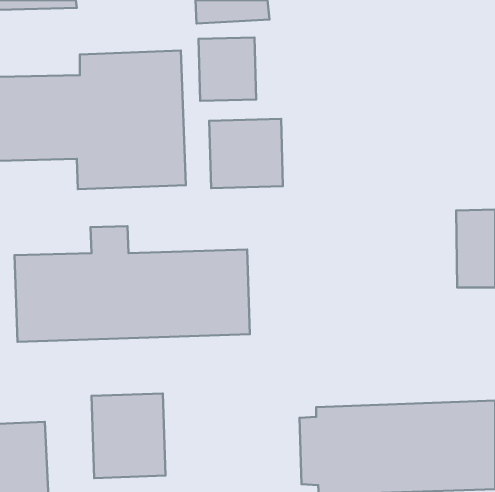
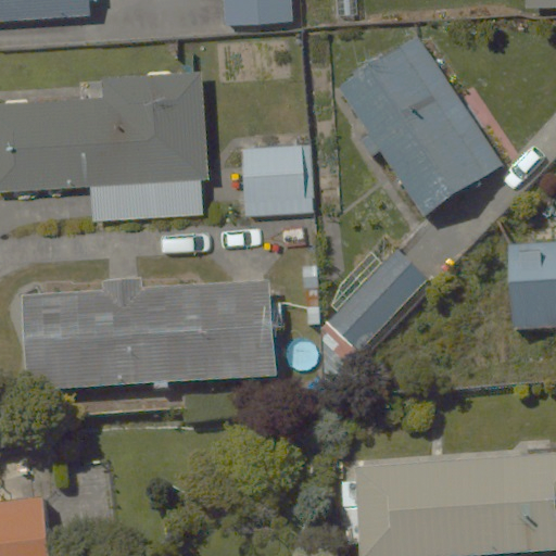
building: none -> [338,38,504,217]
building: [199,37,256,101] -> none
building: [91,393,165,478] -> none

